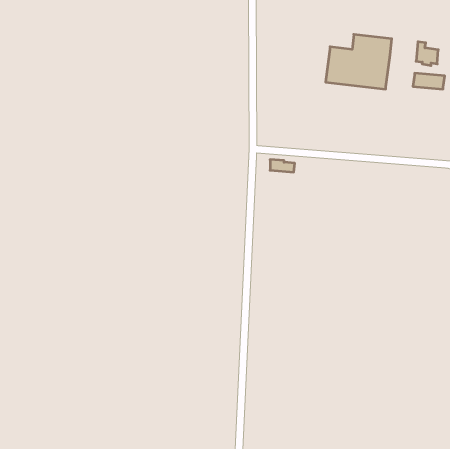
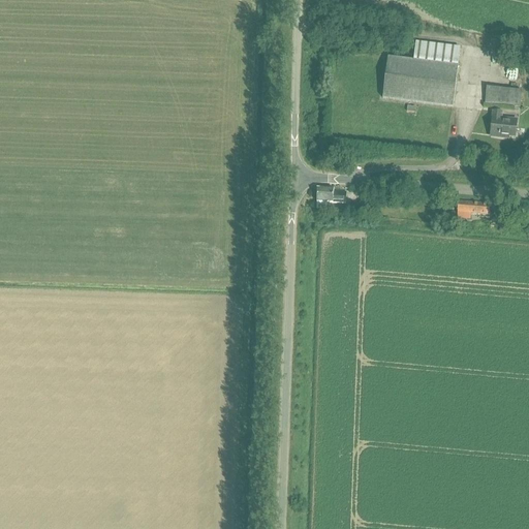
building: [416,42,438,66] -> [490,110,516,137]
building: none -> [456,200,489,217]

